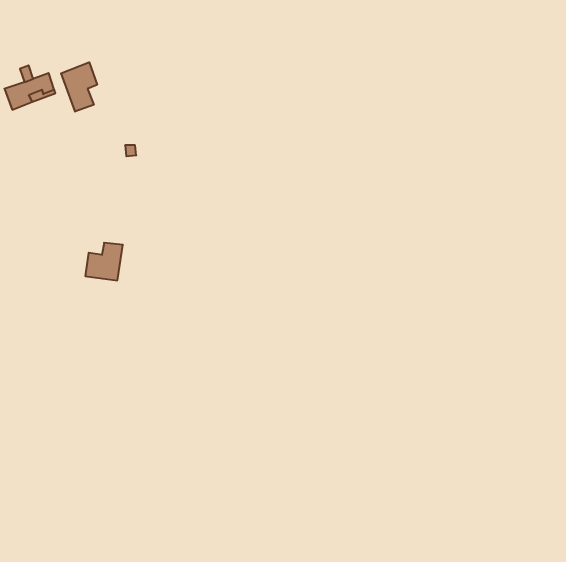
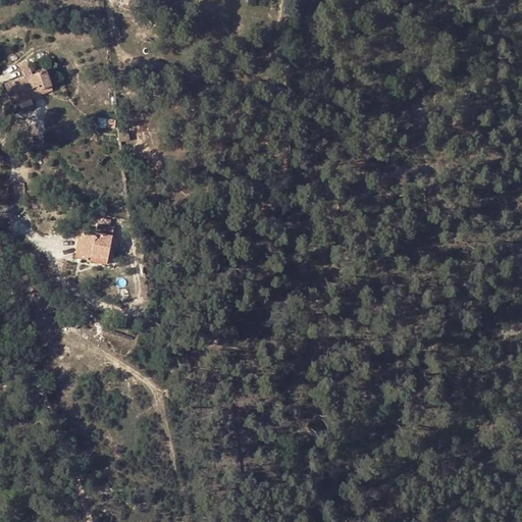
building: [61,62,97,112] -> none

